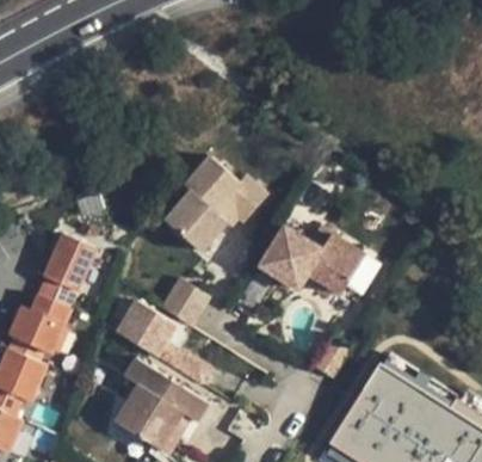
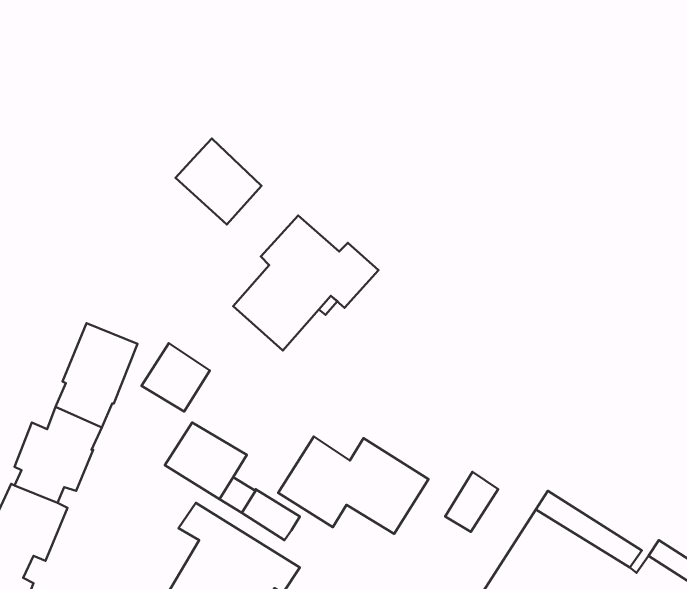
building: none -> [175,139,261,225]
building: [259,226,364,294] -> [278,437,428,534]
building: [160,278,208,326] -> [142,343,210,411]

